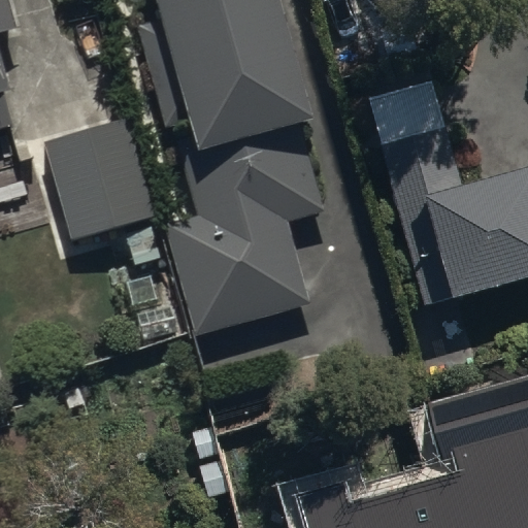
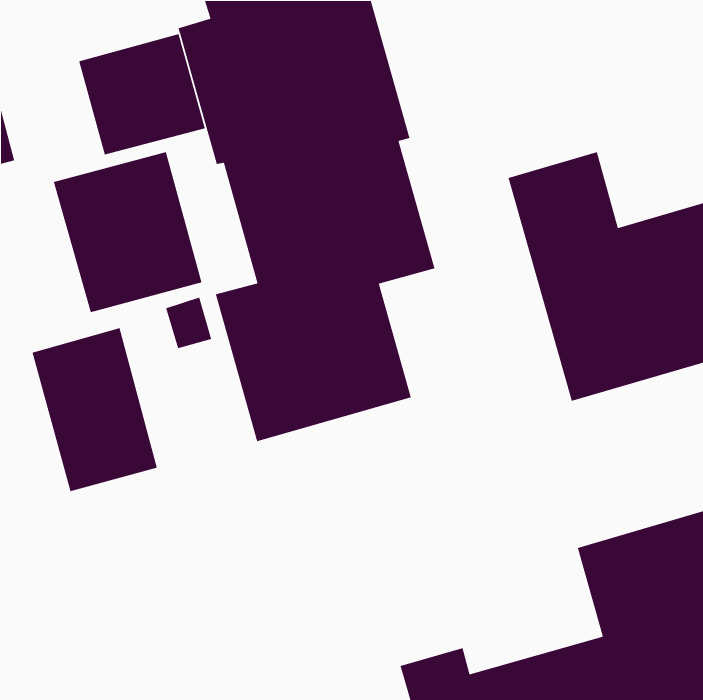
building: none -> [78,33,206,156]
building: none -> [32,327,158,492]

